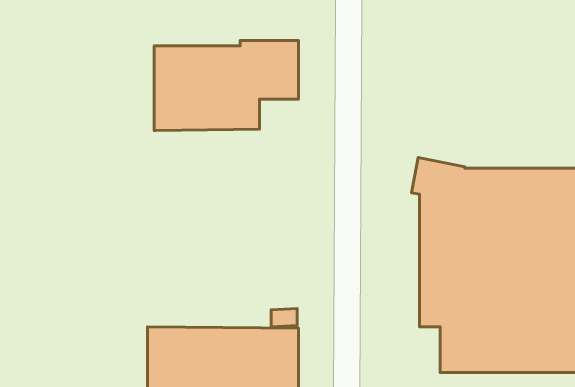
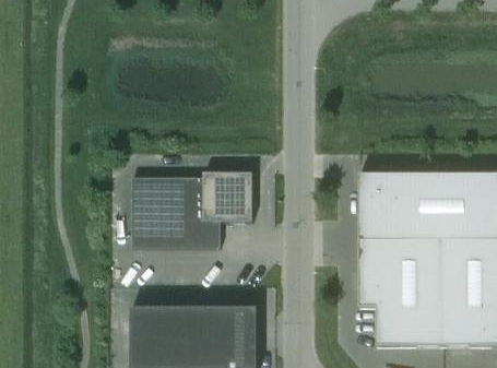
building: [154,41,299,130] -> [131,174,252,249]

